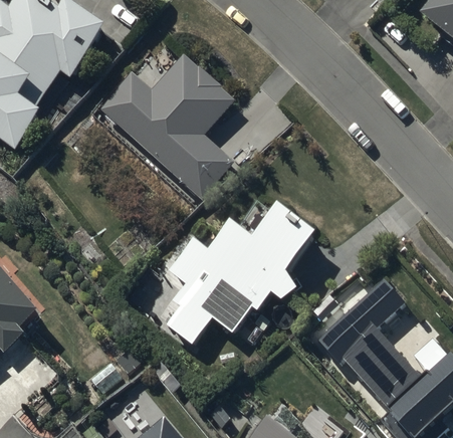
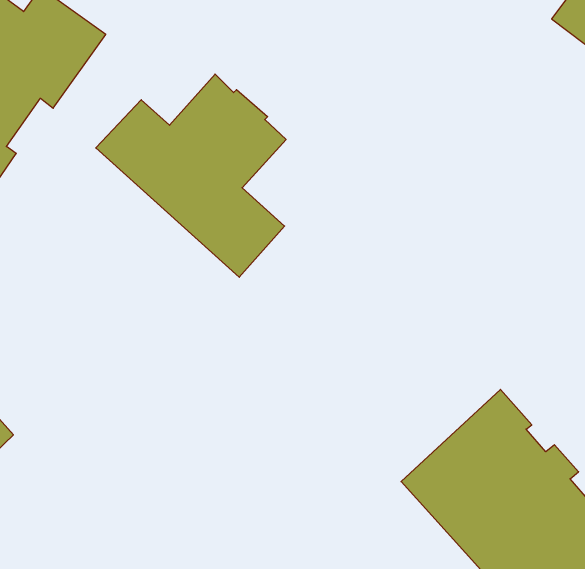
building: [164,202,316,345] -> none

